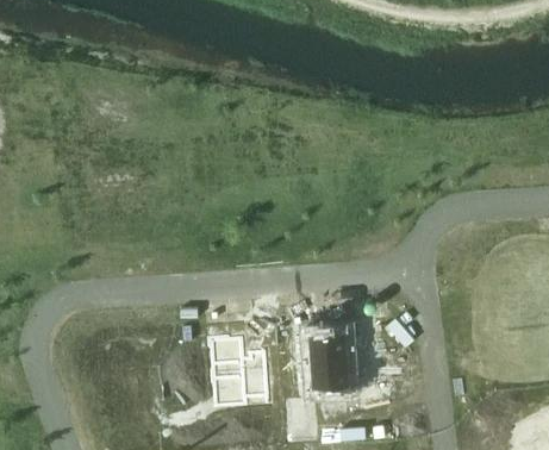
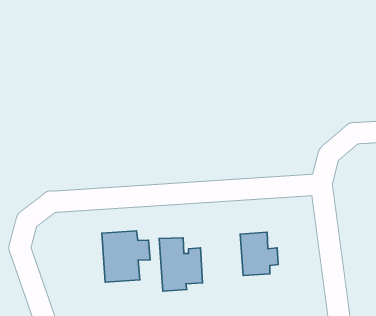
building: none -> [102,231,150,282]

